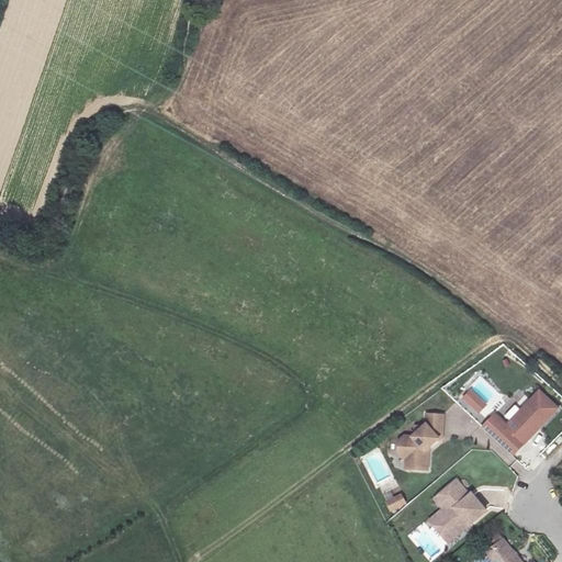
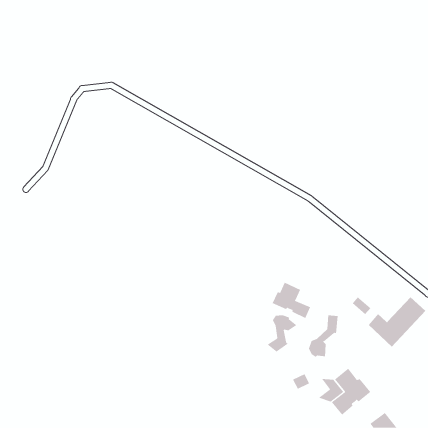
building: none -> [272,282,311,319]
building: none -> [266,314,297,353]

